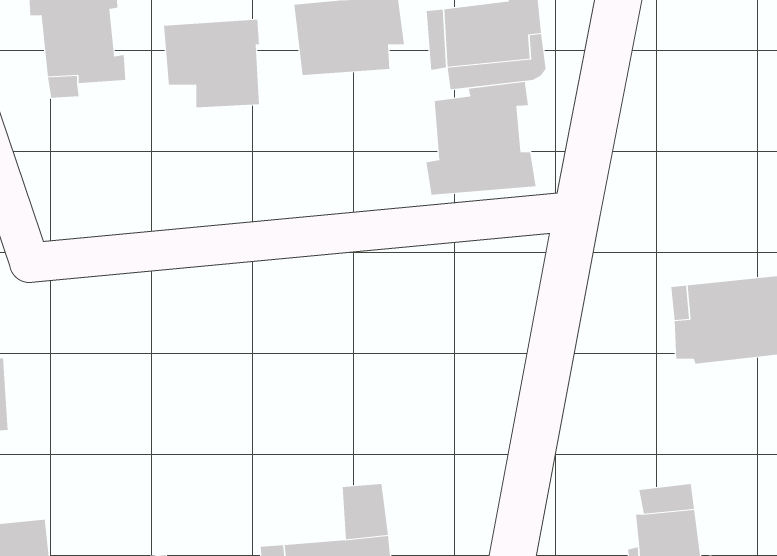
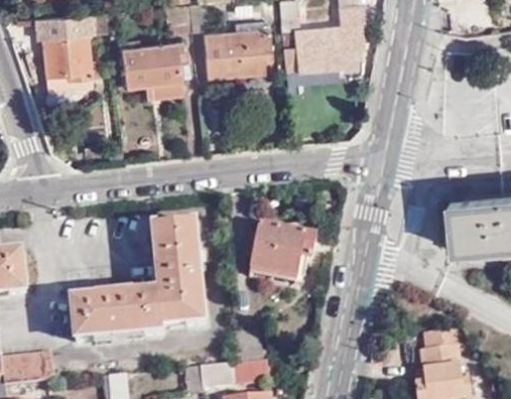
building: [426,81,536,196] -> none
building: none -> [73,226,204,344]
building: none -> [251,226,315,279]

